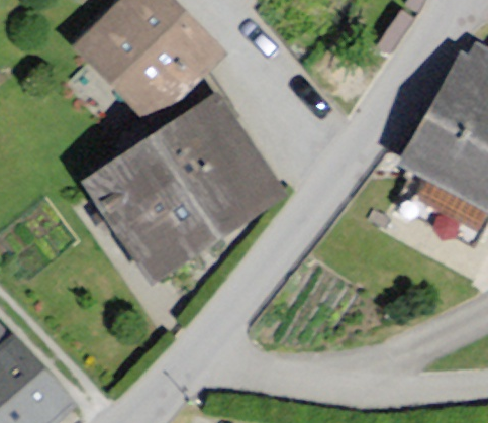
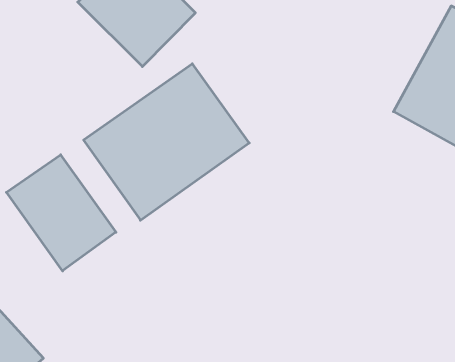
building: none -> [6,155,116,271]

